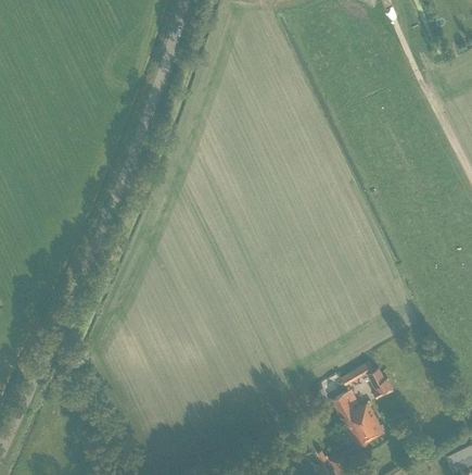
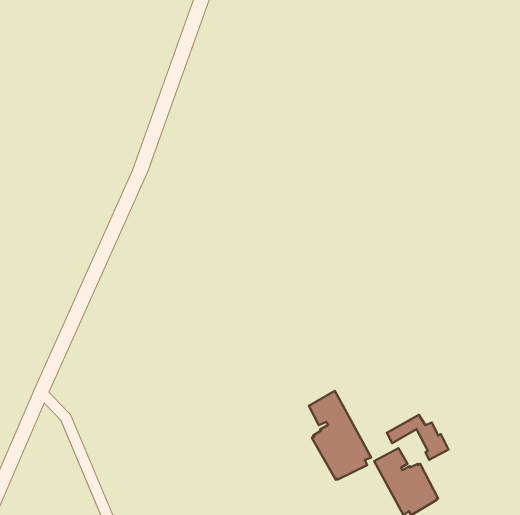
building: none -> [309,391,371,480]

